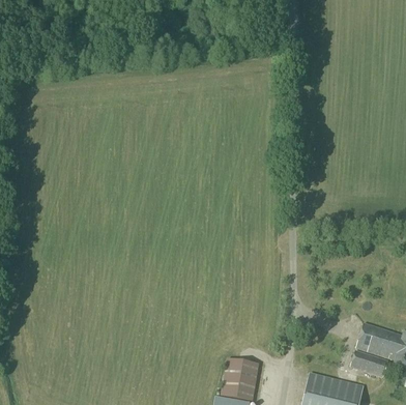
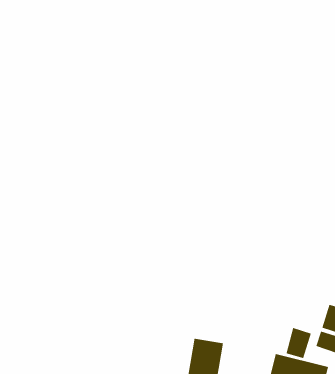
building: none -> [286,327,312,359]

